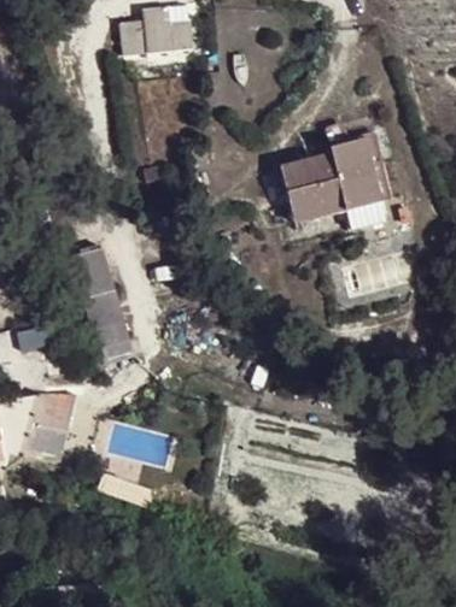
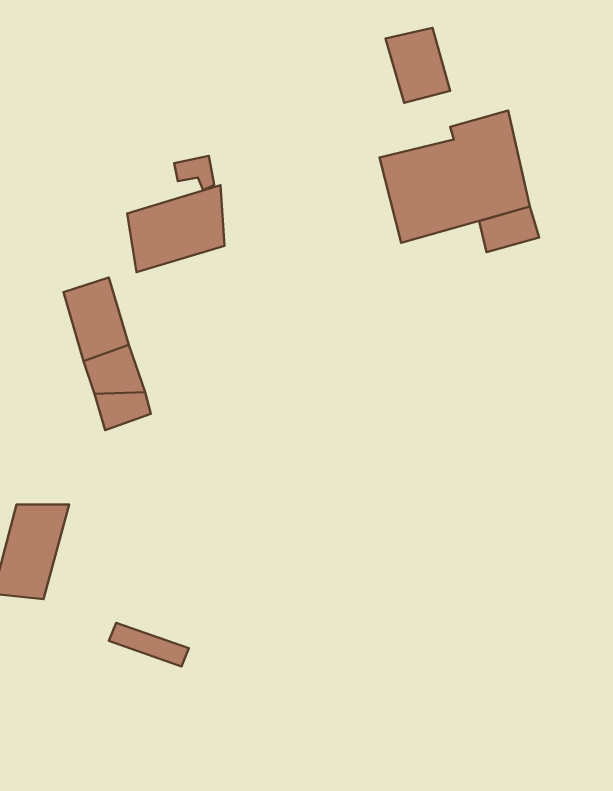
building: none -> [386,28,450,103]
building: none -> [127,185,224,272]

